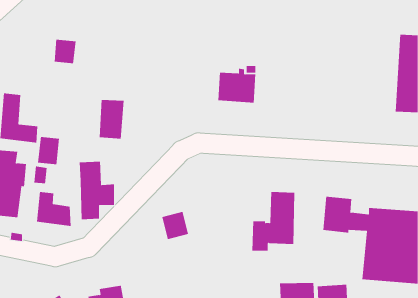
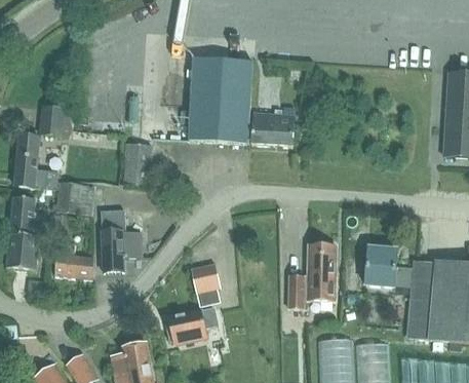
building: none -> [181,58,252,143]
building: [54,39,77,64] -> [40,107,65,133]
building: none -> [165,307,218,344]

